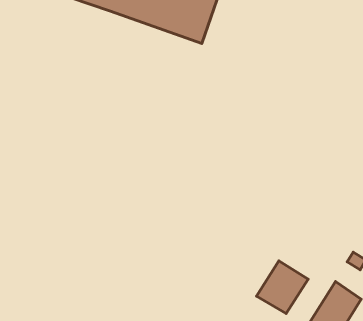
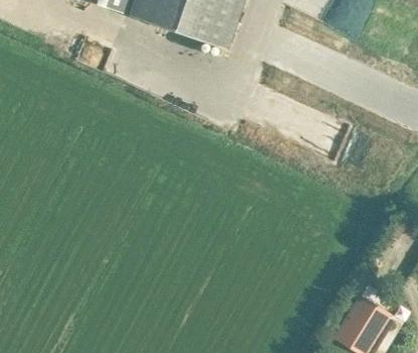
building: [257,261,308,313] -> none

